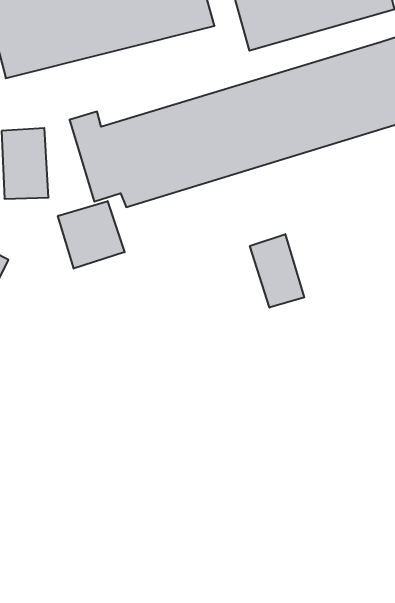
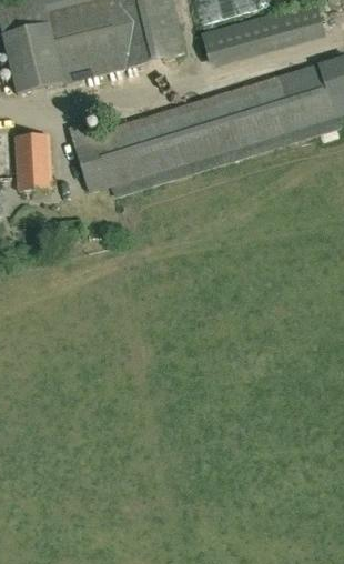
building: [58,201,125,269] -> none
building: [250,234,304,308] -> none

